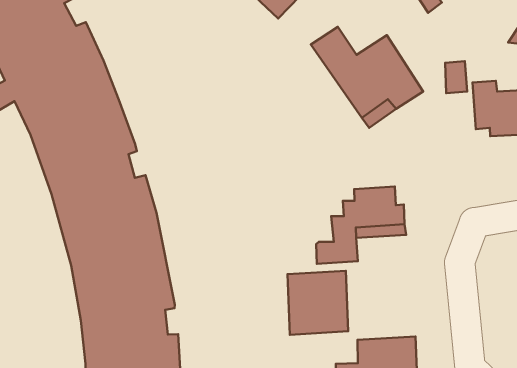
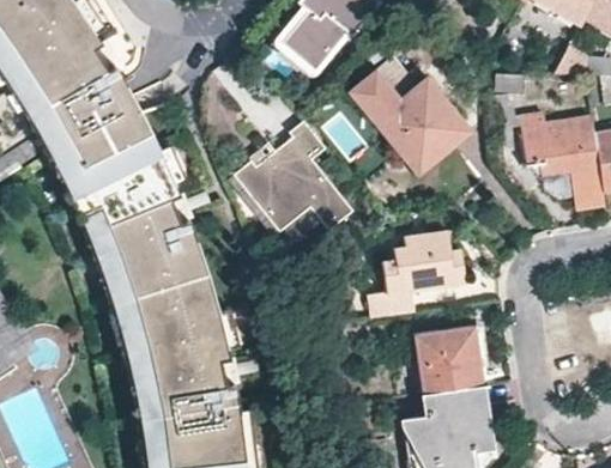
building: none -> [238,122,361,235]
building: [288,271,348,335] -> [417,322,484,393]

